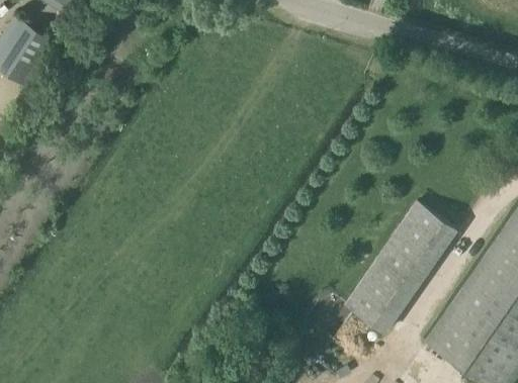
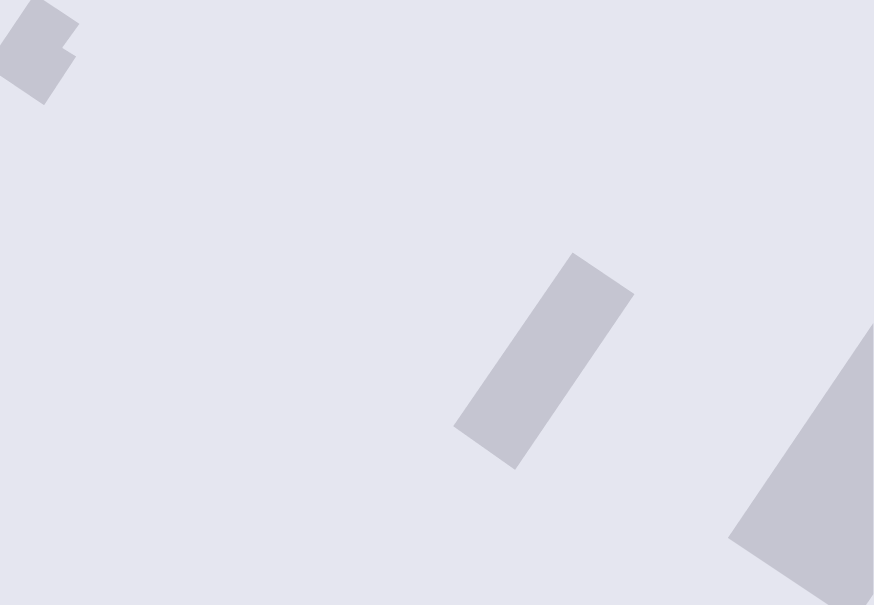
building: [347,201,455,330] -> [452,251,636,471]

